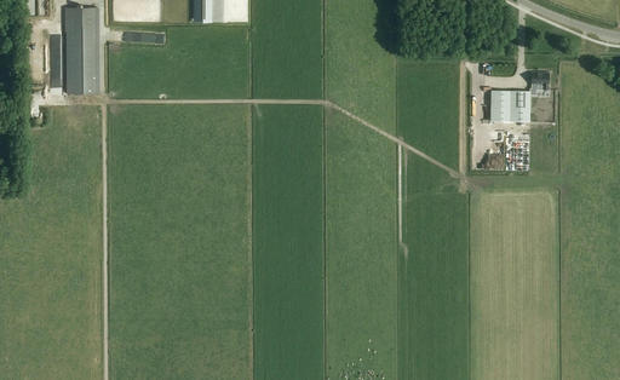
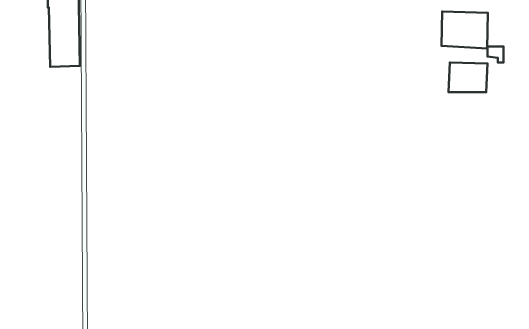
building: none -> [442,12,488,49]

